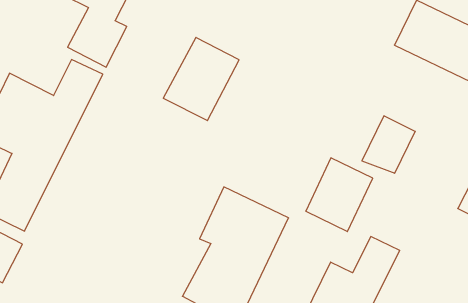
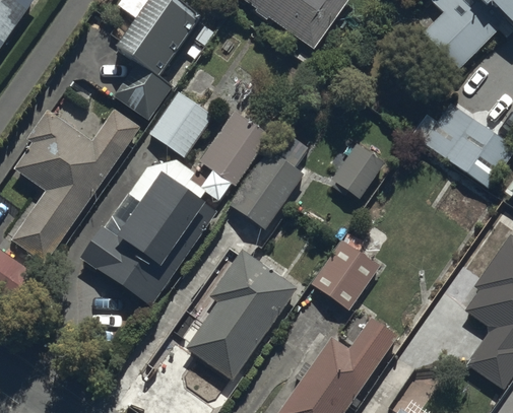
building: none -> [150,90,212,154]
building: none -> [229,147,305,228]
building: [362,116,415,173] -> [330,144,385,200]
building: none -> [78,173,216,307]

